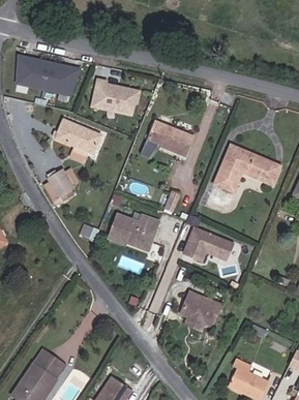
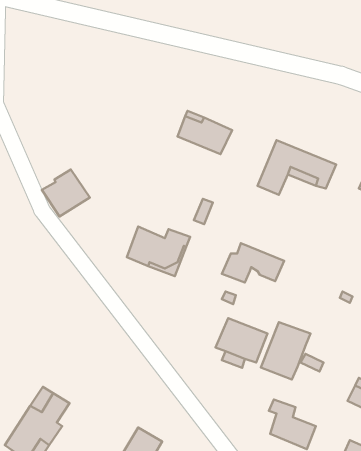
building: [10,55,79,99] -> none
building: [91,73,139,110] -> none
building: [56,122,98,152] -> none
building: none -> [261,322,311,379]

